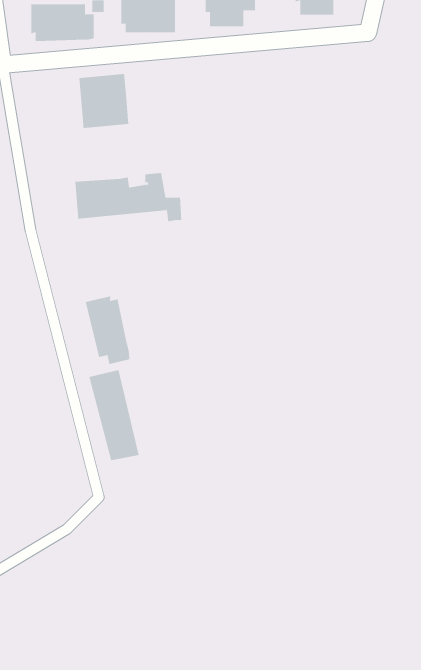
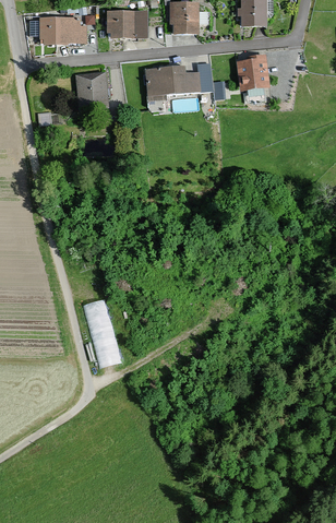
building: none -> [235,54,269,91]
building: [75,173,182,222] -> [144,61,225,98]
building: [85,296,130,365] -> none

